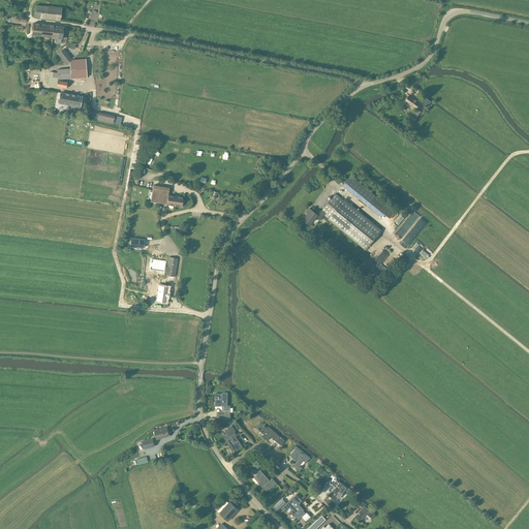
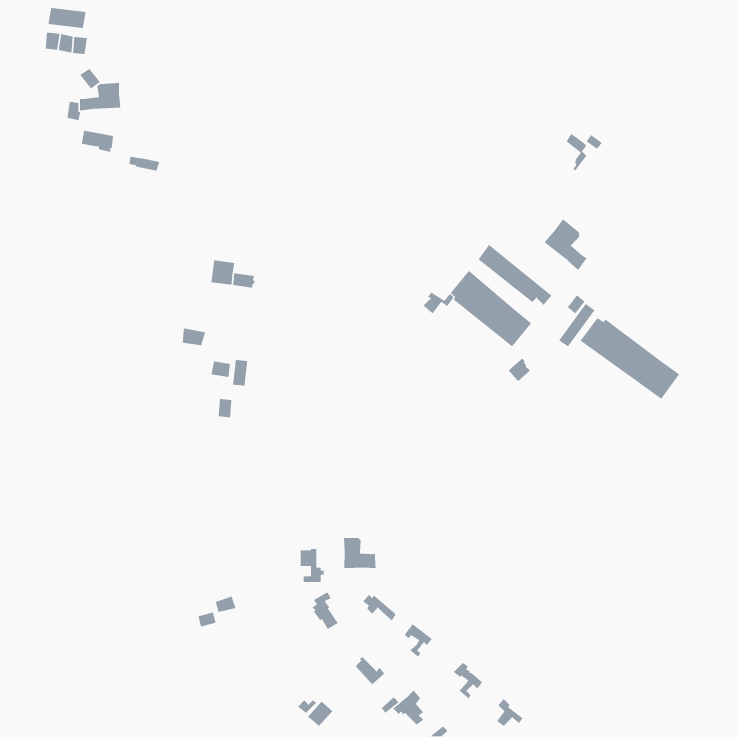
building: none -> [543,218,587,271]
building: none -> [579,317,680,400]
building: none -> [343,537,376,569]

